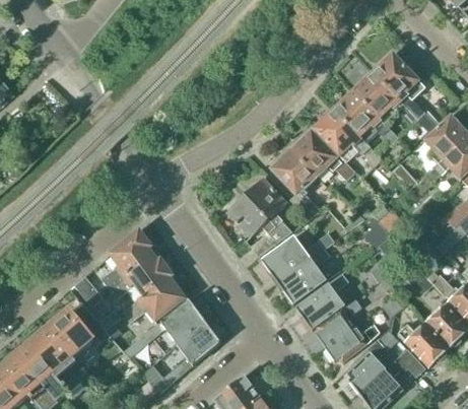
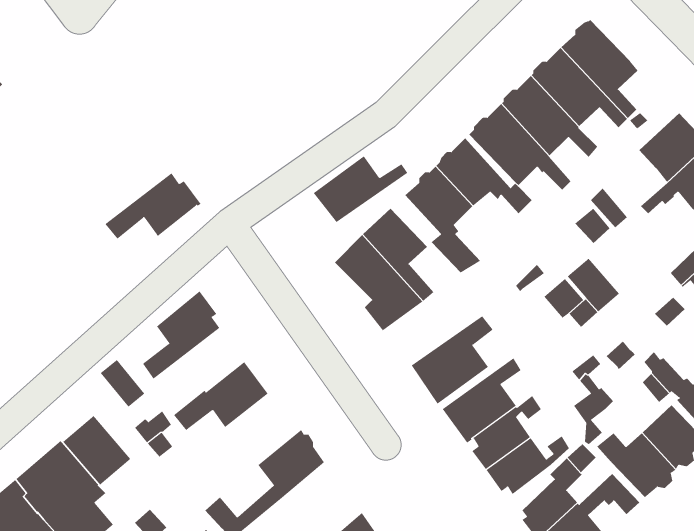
building: [261,234,323,278] -> [313,156,408,223]
building: [109,254,172,297] -> [105,173,201,240]
building: [124,297,205,356] -> none

